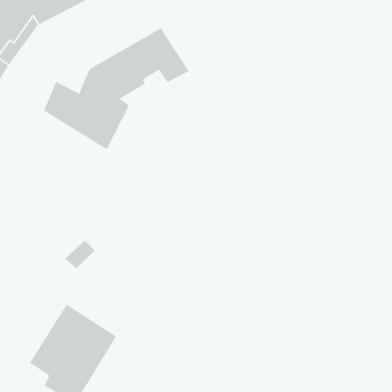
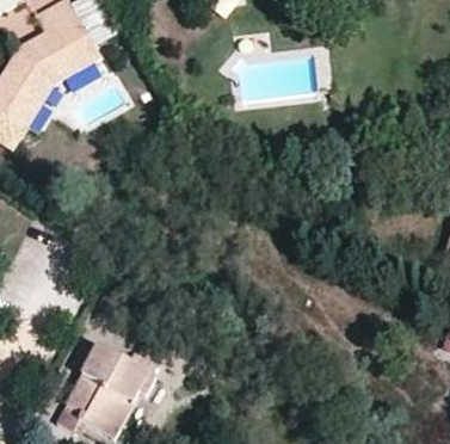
building: [43,28,190,150] -> none

